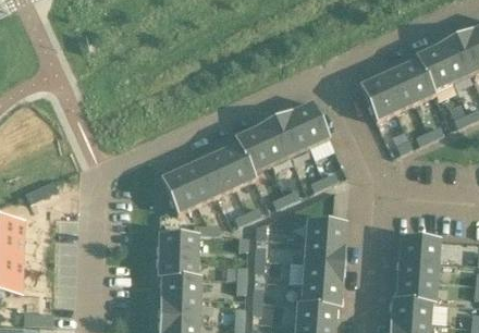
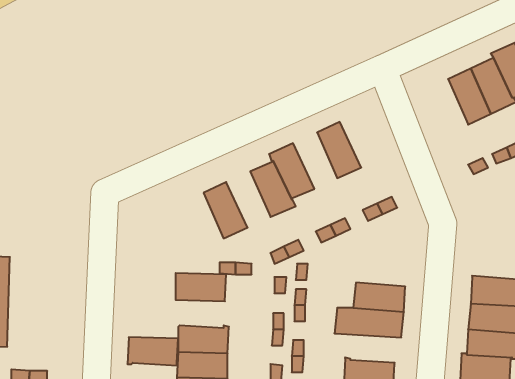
building: [360,74,397,120] -> none
building: [293,100,335,158] -> none
building: [255,118,291,163] -> none
building: [200,149,236,195] -> none
building: [162,166,198,212] -> none
building: [306,218,347,243] -> none
building: [158,254,199,276] -> [127,337,178,365]
building: [287,281,343,306] -> none

